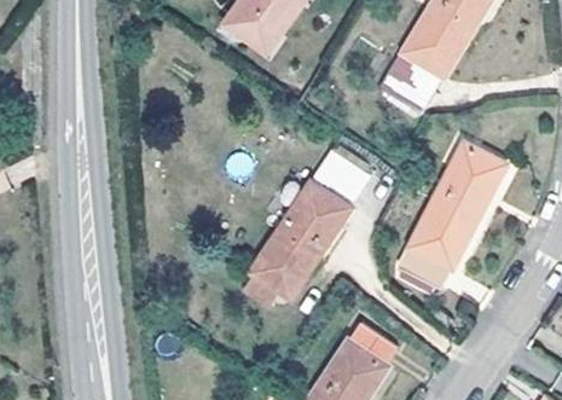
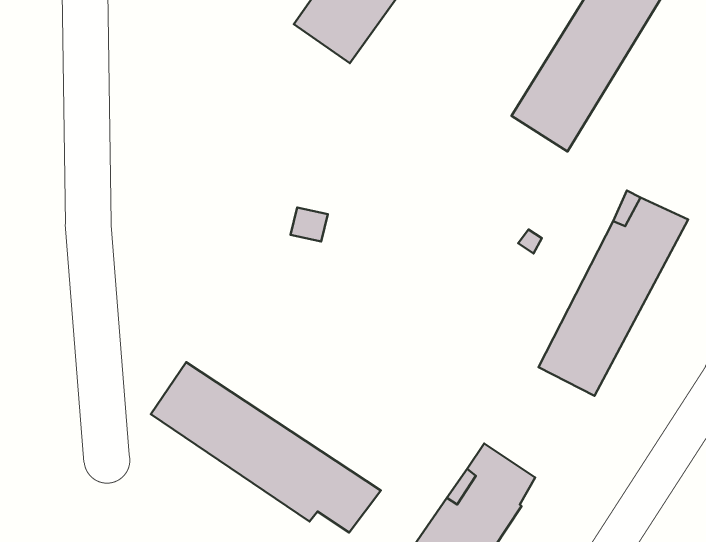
building: [250,150,367,297] -> none
building: none -> [151,362,381,532]

